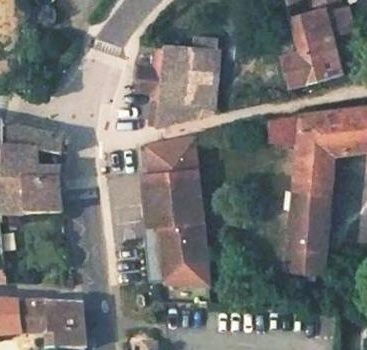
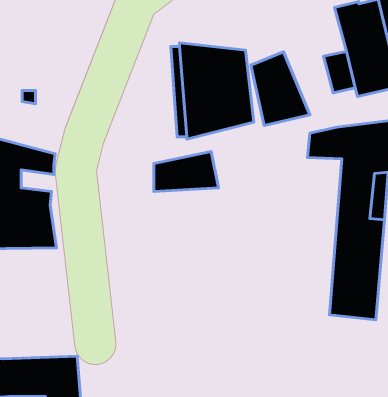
building: none -> [251,52,310,125]
building: [139,169,208,284] -> none

